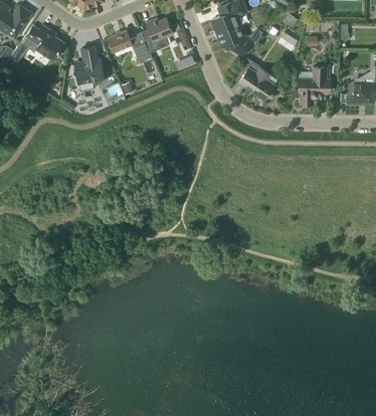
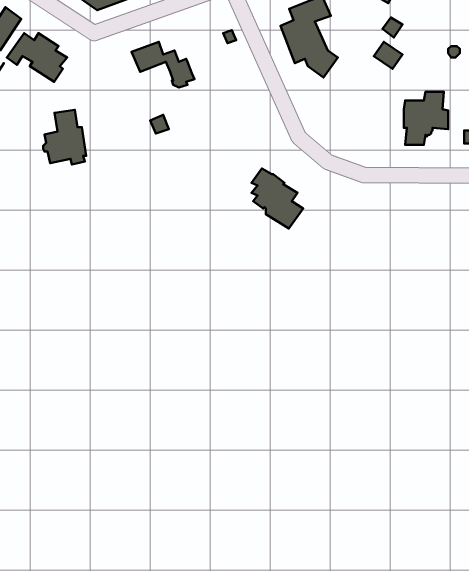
building: [146,18,173,53] -> none
building: [73,46,104,84] -> [43,110,86,164]
building: [238,57,274,99] -> [252,168,303,229]

